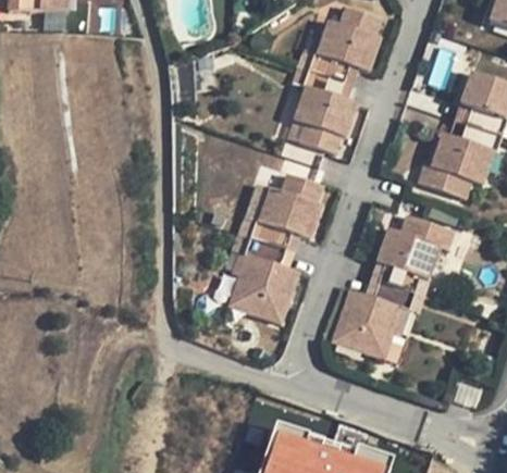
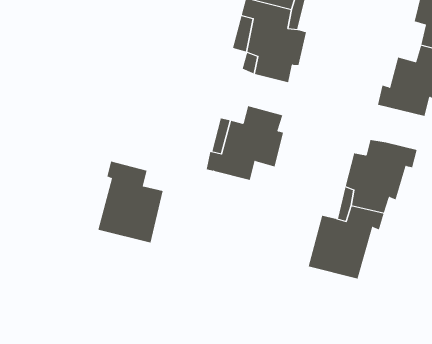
building: [227,234,297,320] -> [98,161,164,243]

